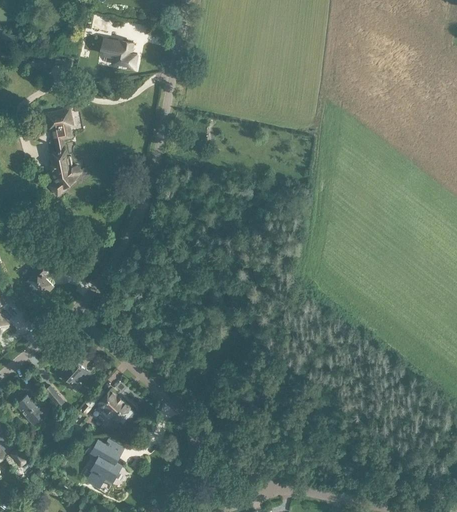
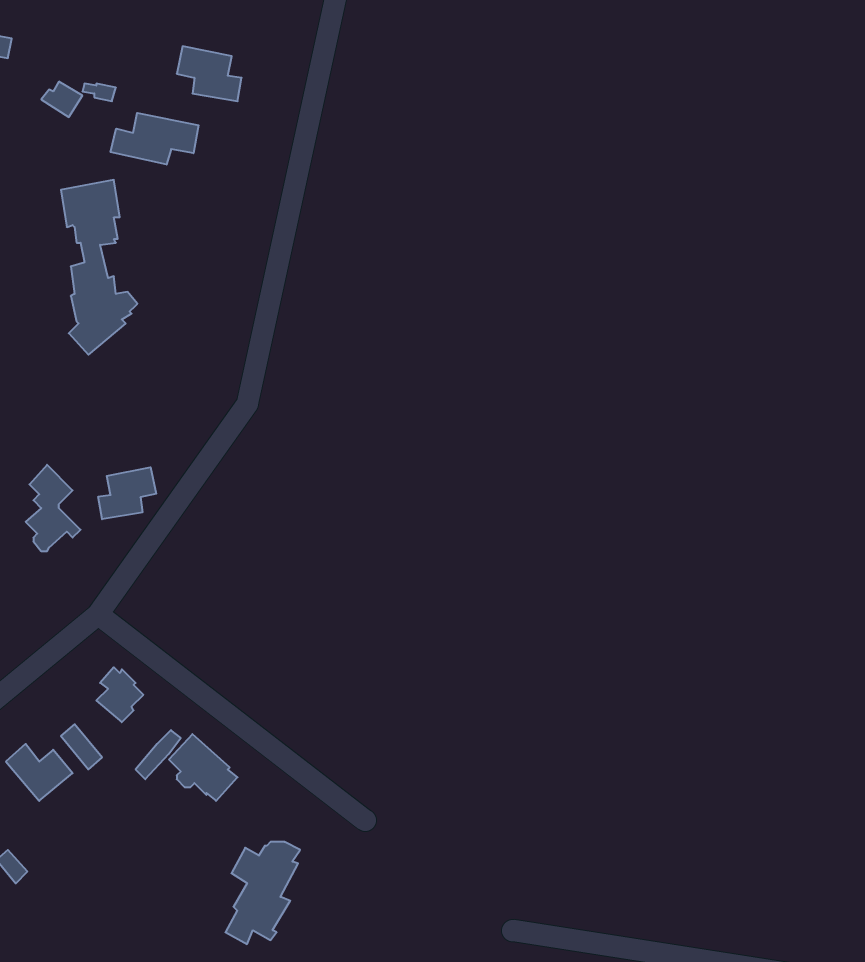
building: none -> [111,113,199,165]
building: none -> [98,467,156,519]
building: [88,435,126,487] -> [225,842,300,944]

